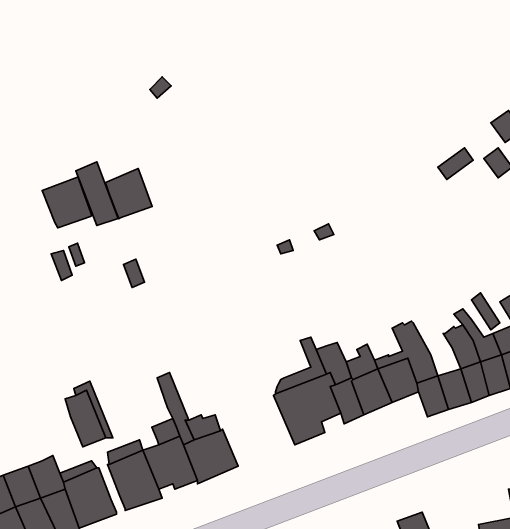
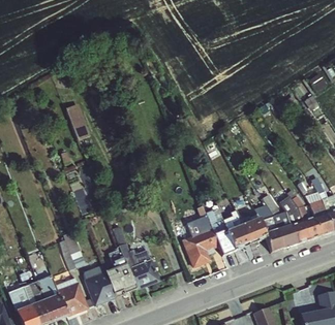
building: [105,168,152,219] -> none
building: [42,177,92,228] -> none
building: none -> [263,193,291,228]

